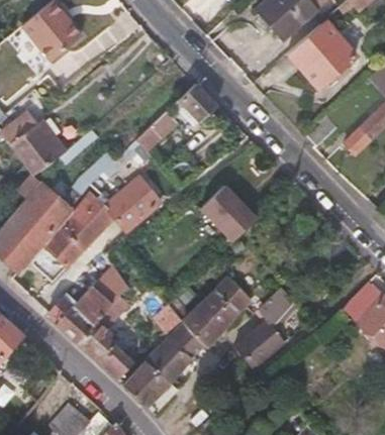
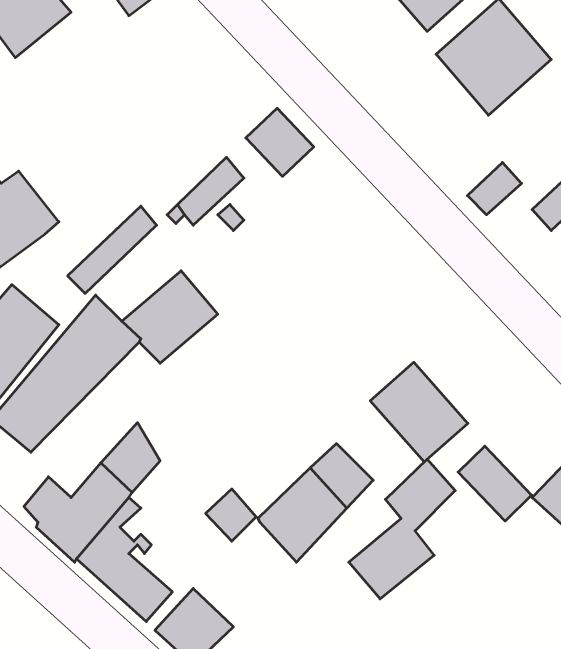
building: [201,178,258,235] -> [370,362,468,462]
building: none -> [458,446,532,521]
building: [147,323,206,384] -> none

